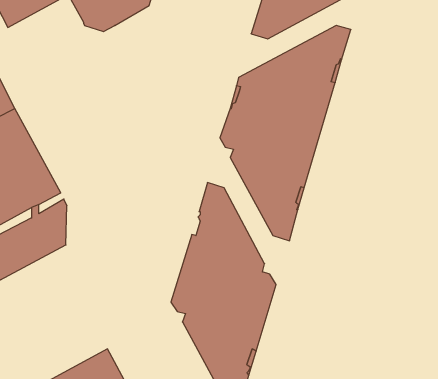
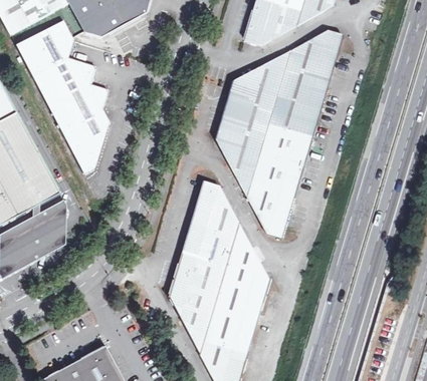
building: none -> [17,19,111,171]

